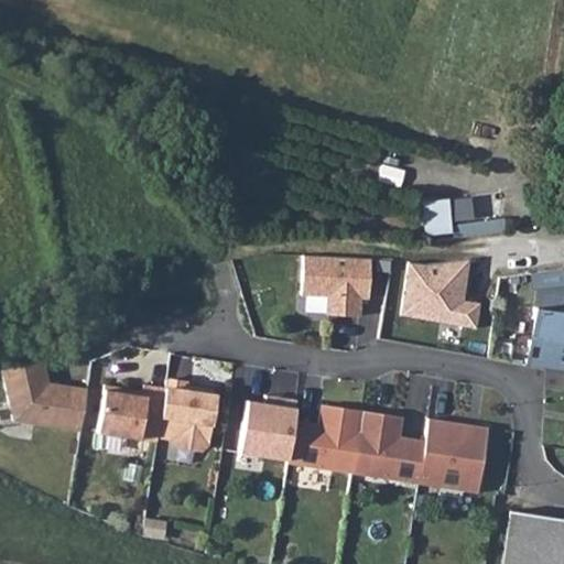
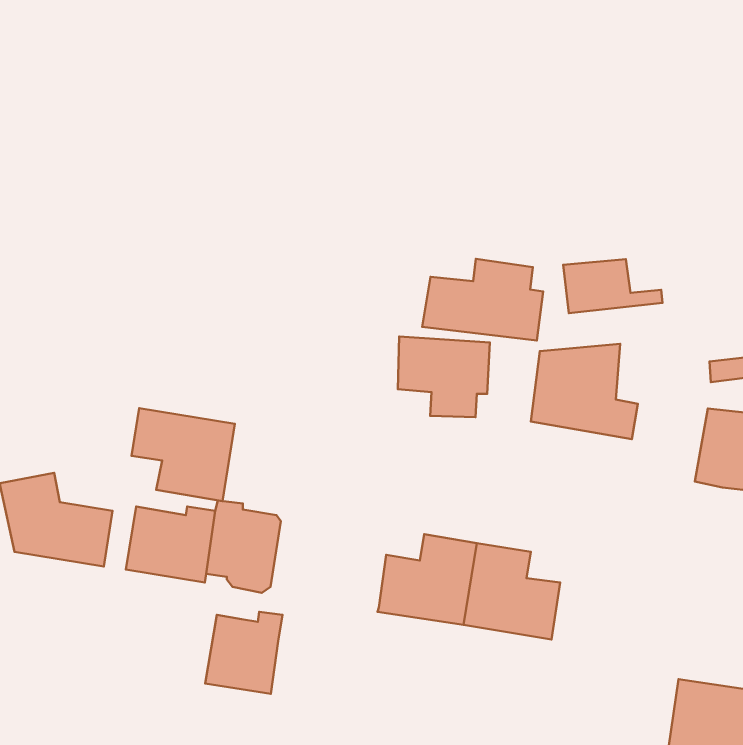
building: none -> [422,259,543,340]
building: none -> [131,408,235,501]
building: [239,398,297,459] -> [205,612,283,694]
building: [419,419,488,494] -> none

